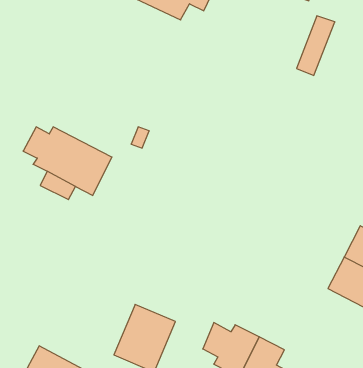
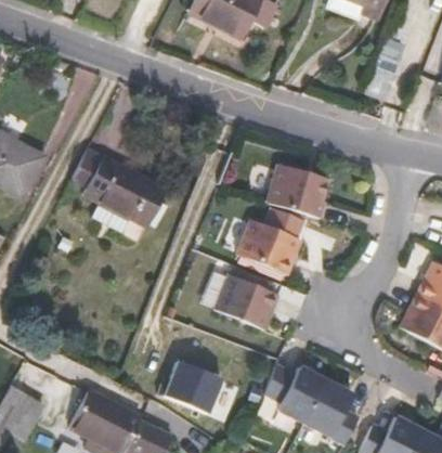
building: none -> [268,164,329,218]
building: none -> [237,218,301,274]
building: none -> [214,273,278,329]

